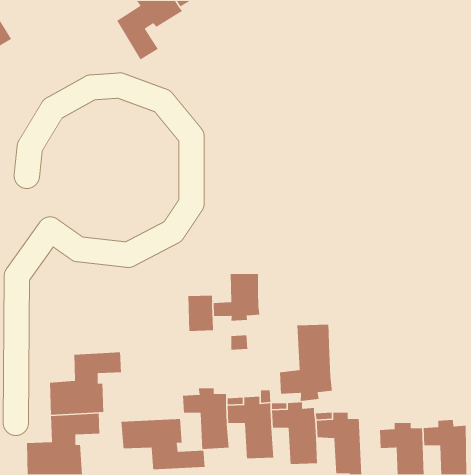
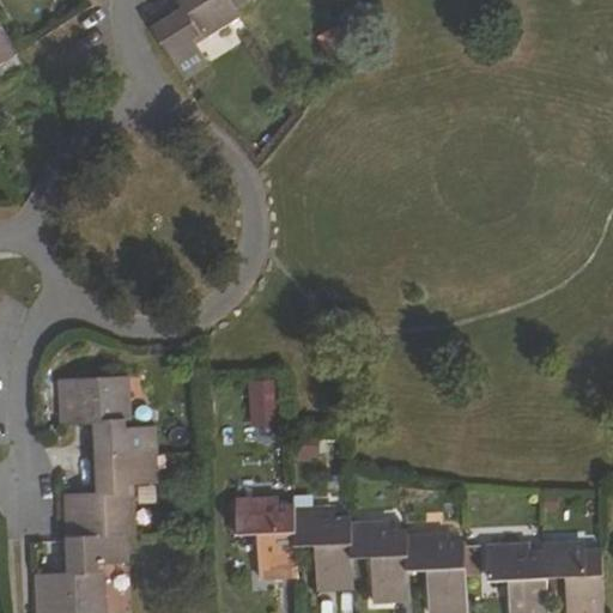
building: [213,273,260,321] -> none
building: none -> [57,375,156,456]
building: [279,324,333,402] -> none
building: [120,418,205,470] -> none

